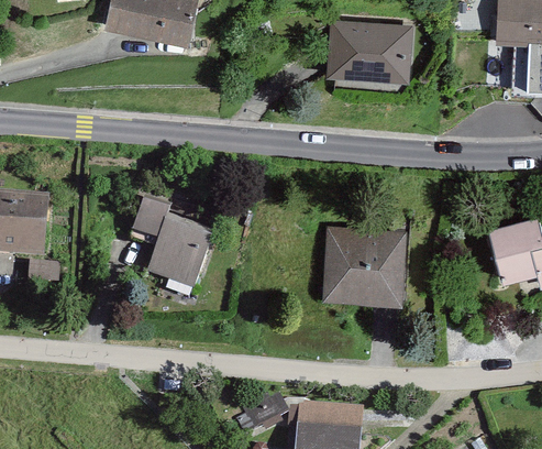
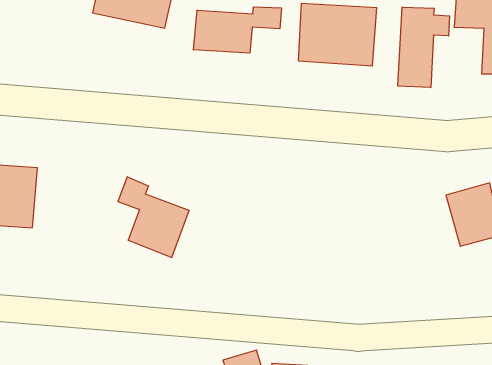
building: none -> [194,7,281,53]
building: none -> [398,7,450,88]
building: [323,228,406,305] -> none

